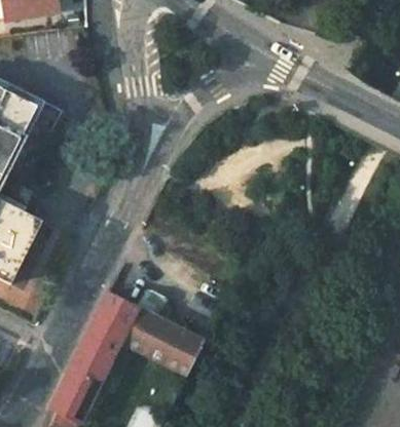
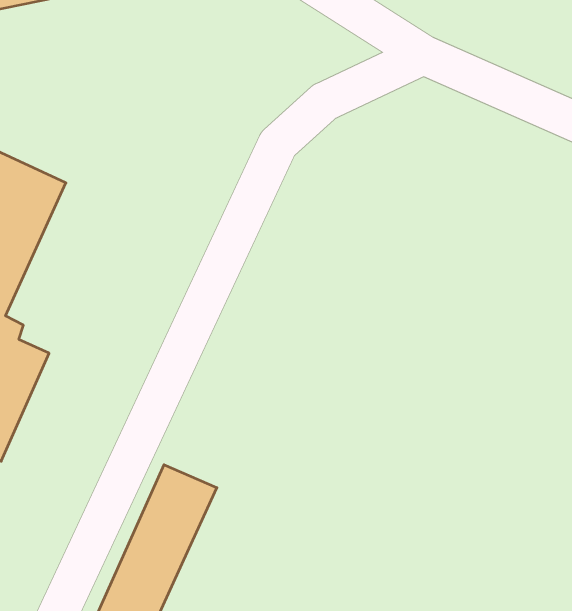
building: [119,286,209,376] -> none

